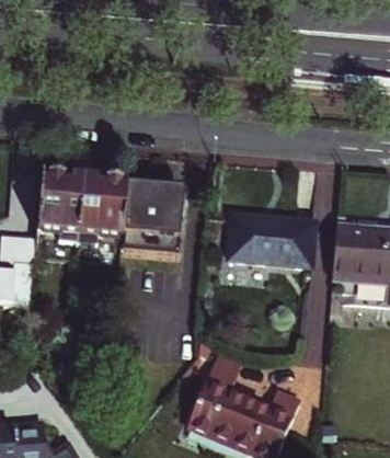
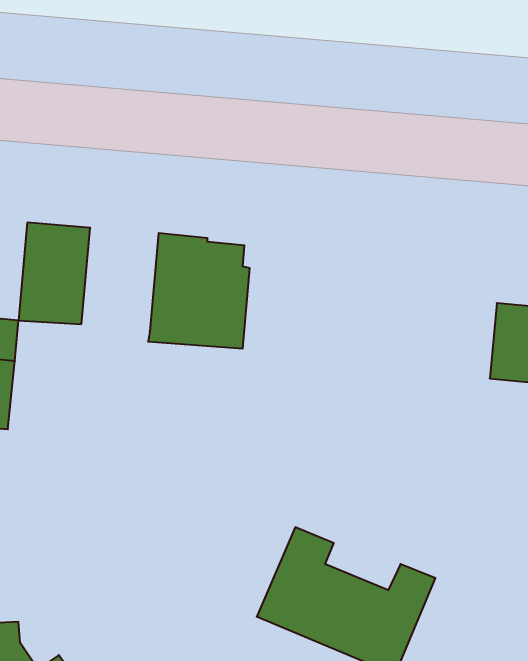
building: [78,180,126,244] -> none
building: [229,215,314,264] -> none

